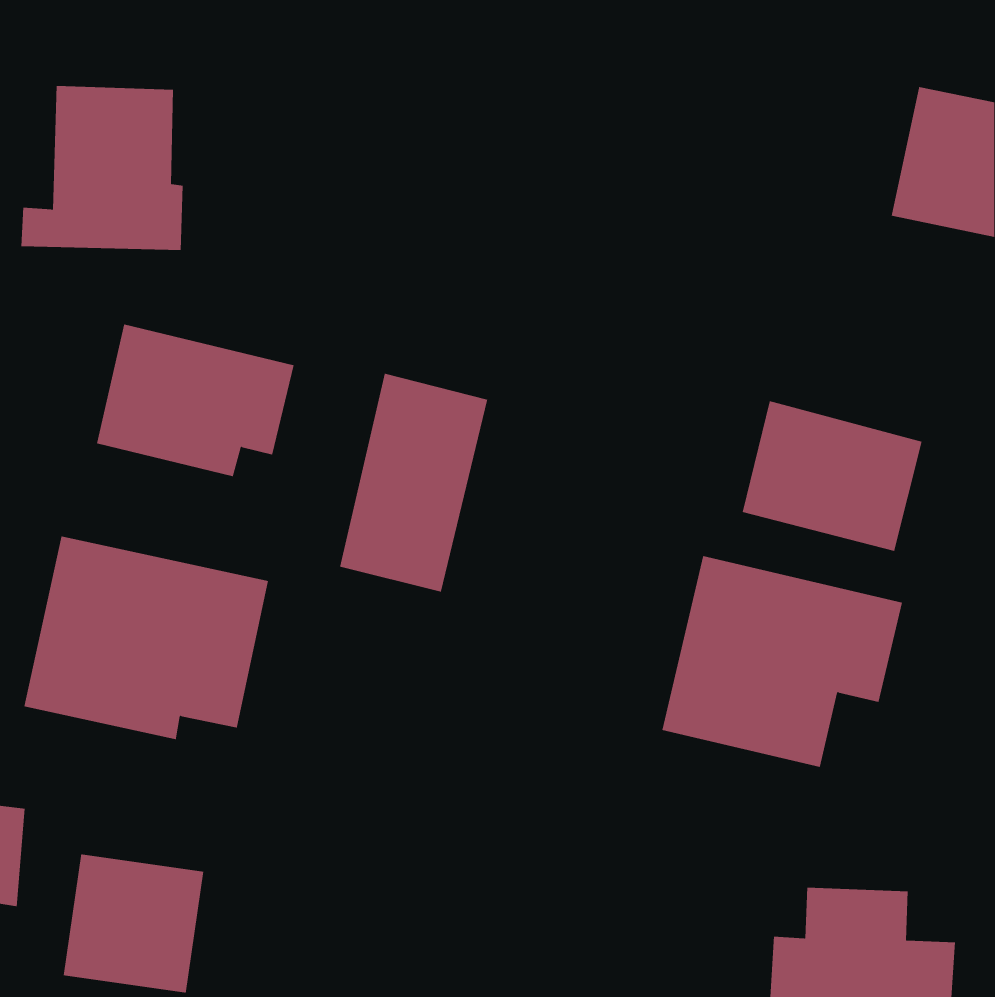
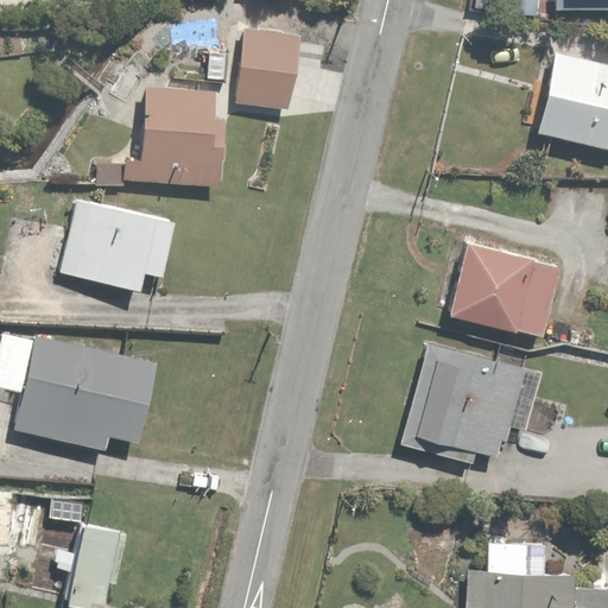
building: none -> [236,31,299,110]
building: [21,86,184,250] -> [125,84,223,184]
building: [339,373,488,593] -> none

